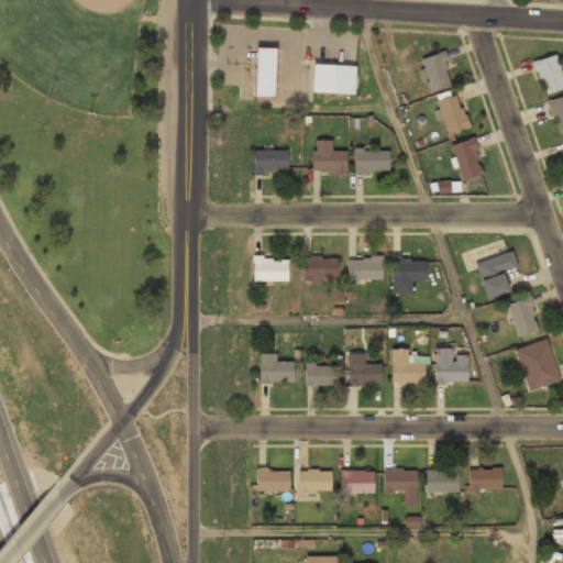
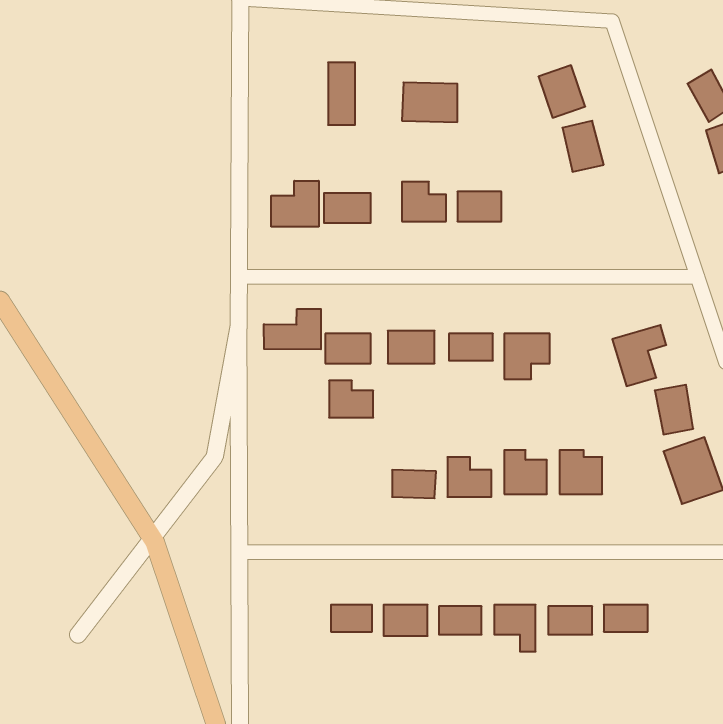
building: [453,137,484,179] -> none
building: none -> [271,181,319,227]
building: none -> [264,309,321,349]
building: [261,354,295,383] -> [329,381,373,418]

